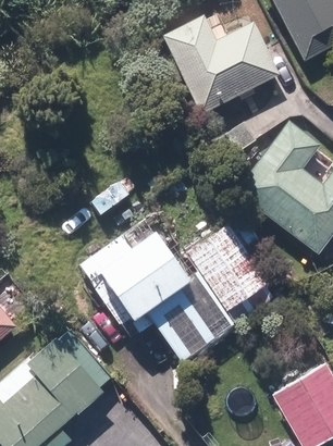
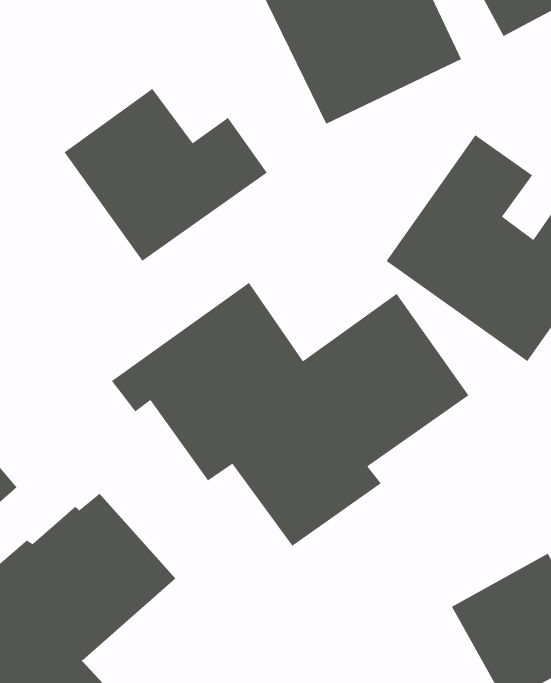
building: none -> [63,88,268,262]

